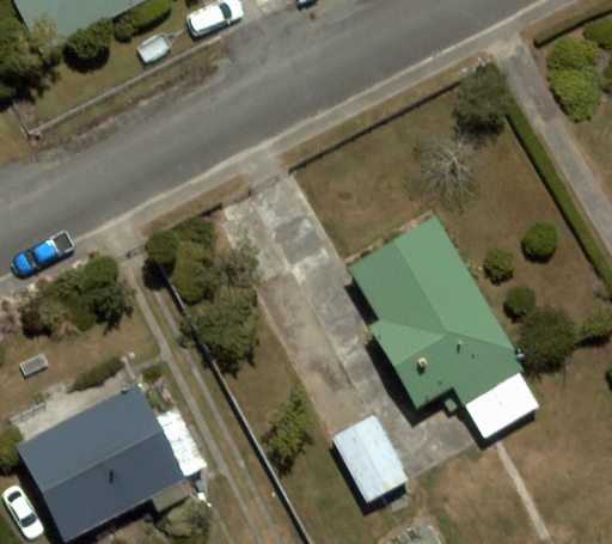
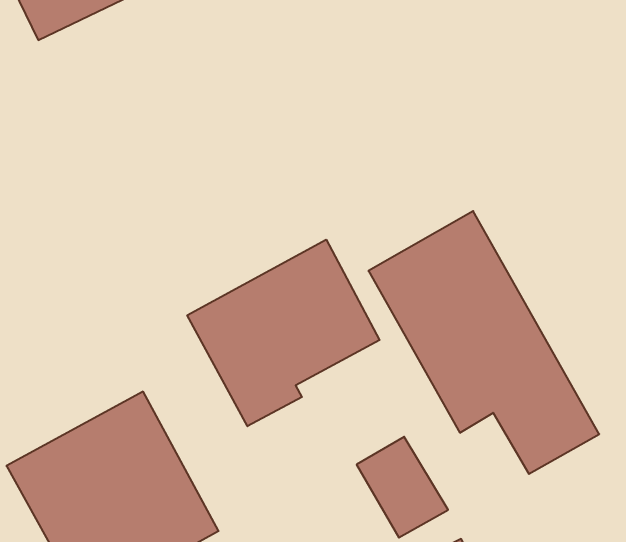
building: none -> [187,240,380,426]

